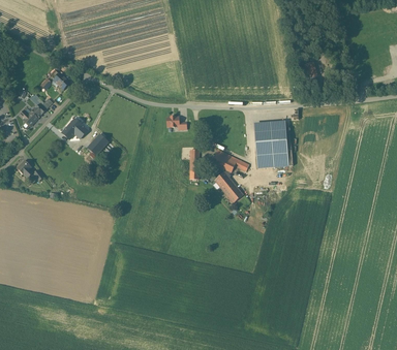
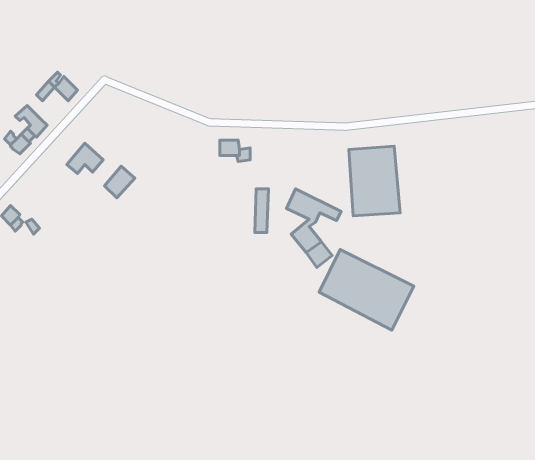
building: none -> [319,249,414,330]

